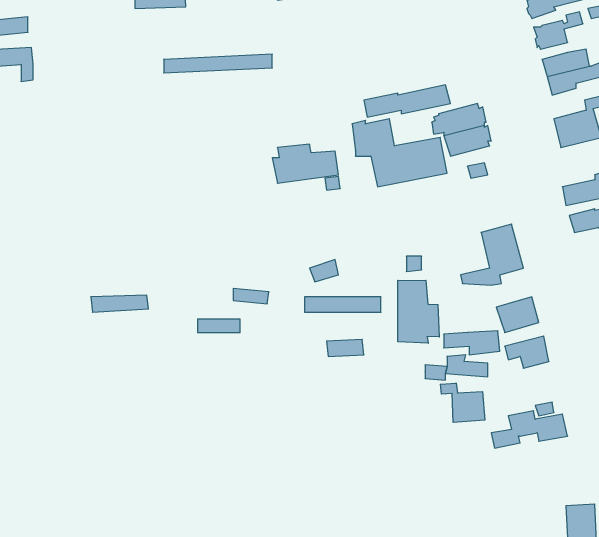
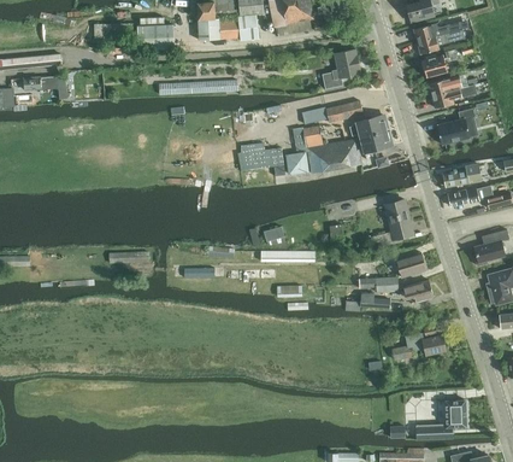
building: none -> [322,48,360,89]
building: [398,280,439,343] -> none
building: [440,383,485,422] -> none

